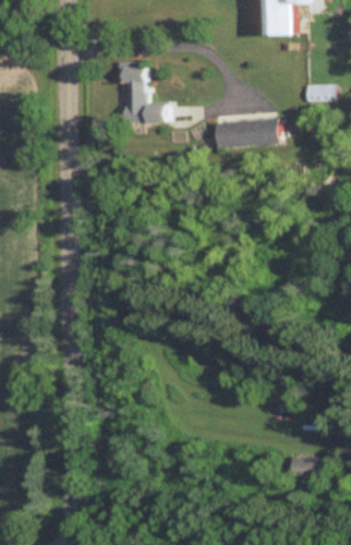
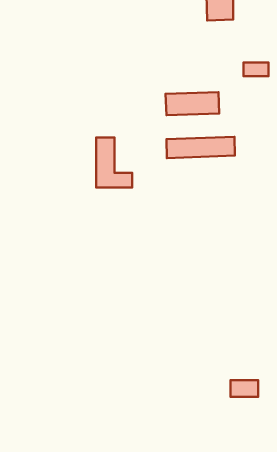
building: [121,63,164,122] -> [96,137,132,188]
building: none -> [166,137,235,158]

